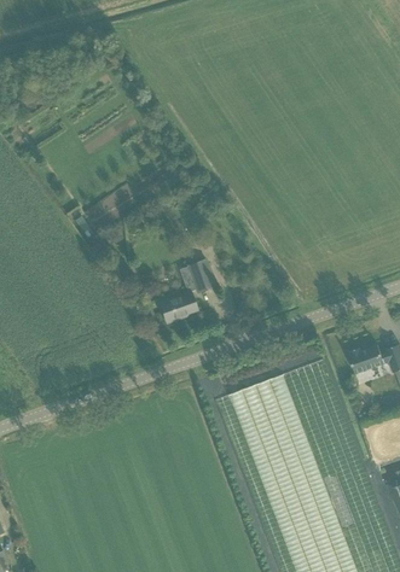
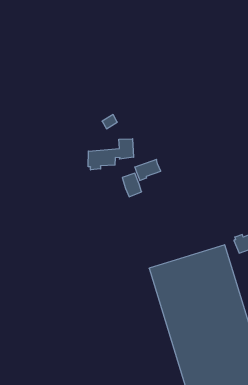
building: none -> [88,139,134,170]
building: [160,292,197,322] -> [135,159,161,180]

